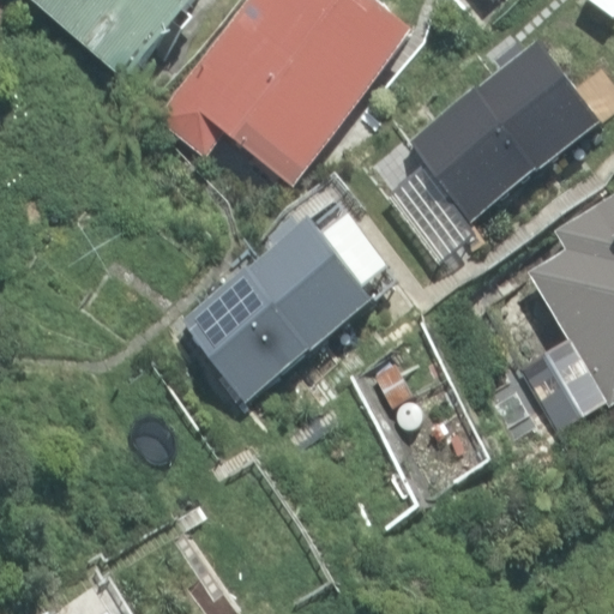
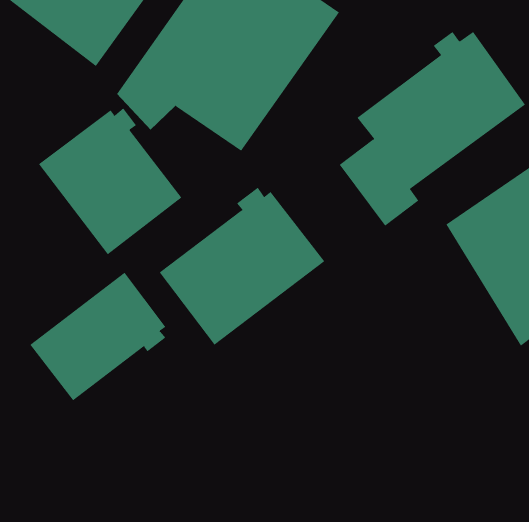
building: none -> [38,107,182,255]
building: none -> [29,272,166,401]

